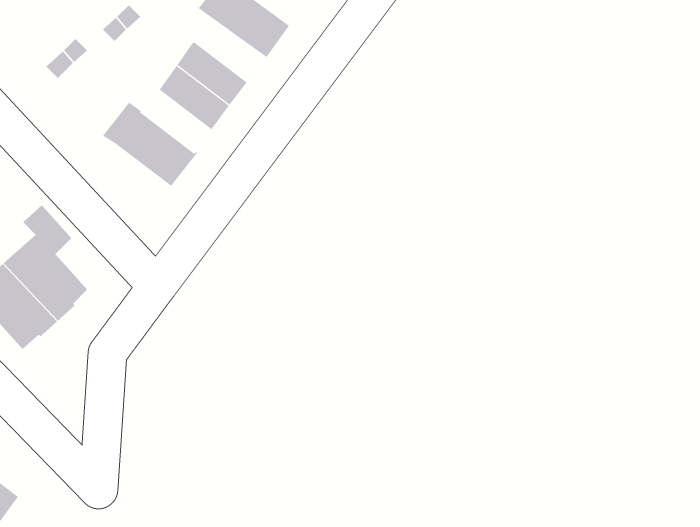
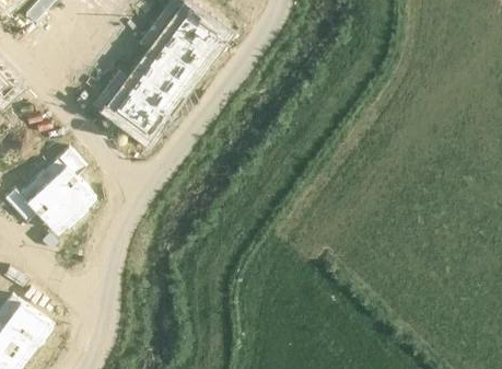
building: none -> [148,20,201,66]
building: none -> [124,70,167,109]

